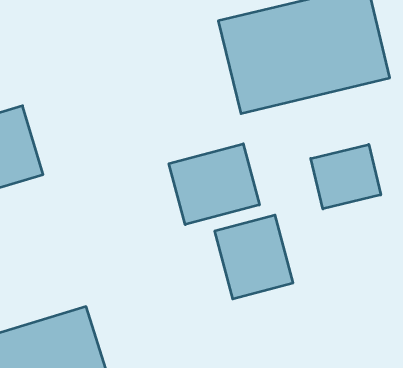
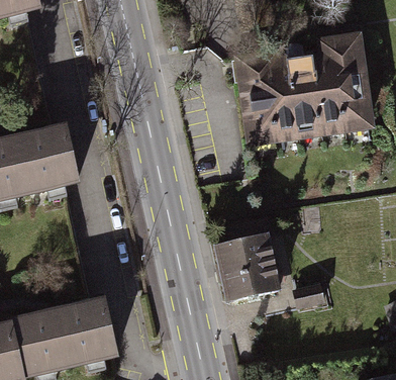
building: [169,144,259,225] -> none
building: [311,144,381,209] -> none

